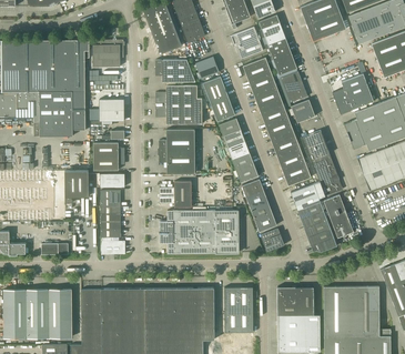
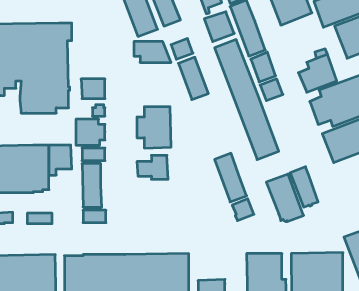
building: [92,40,123,67] -> none
building: [155,85,202,124] -> none
building: [219,119,257,183] -> none
building: [291,131,342,211] -> none
building: [160,211,239,254] -> none
building: [224,287,253,316] -> none

